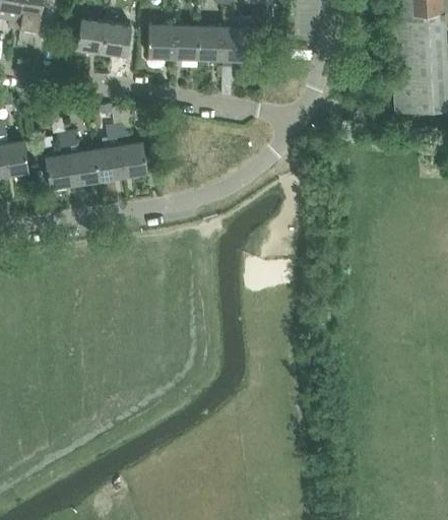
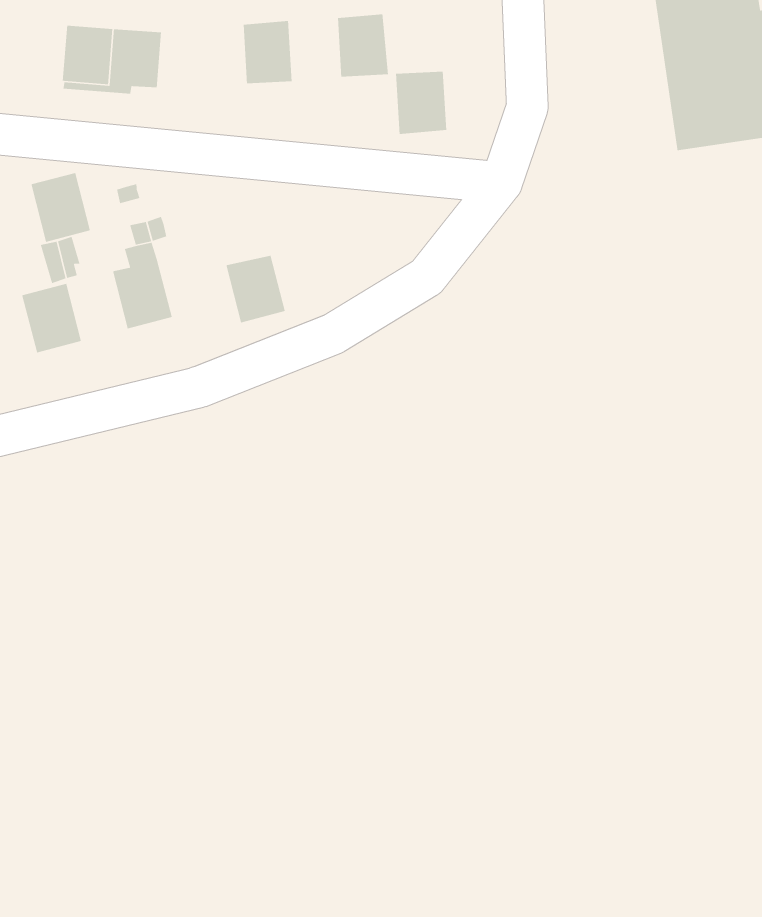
building: [147,25,174,58] -> none
building: [197,26,223,59] -> [395,71,447,135]
building: [118,142,147,177] -> [225,255,286,324]
building: [69,149,99,185] -> [30,172,91,243]

